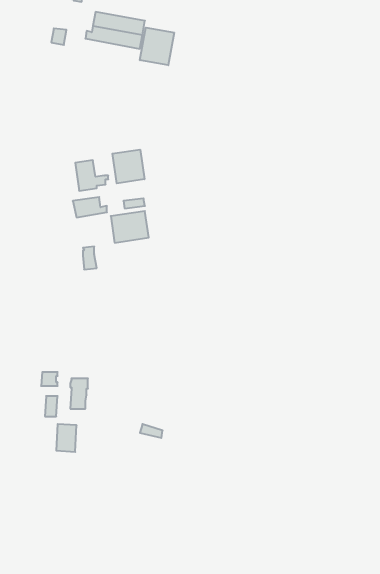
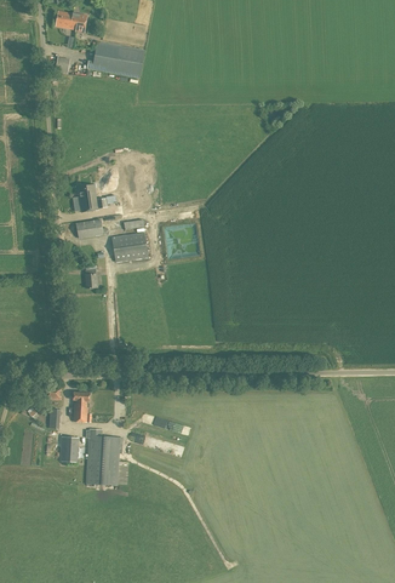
building: [140,28,174,65] -> none
building: [112,150,144,183] -> none
building: none -> [86,428,120,485]

